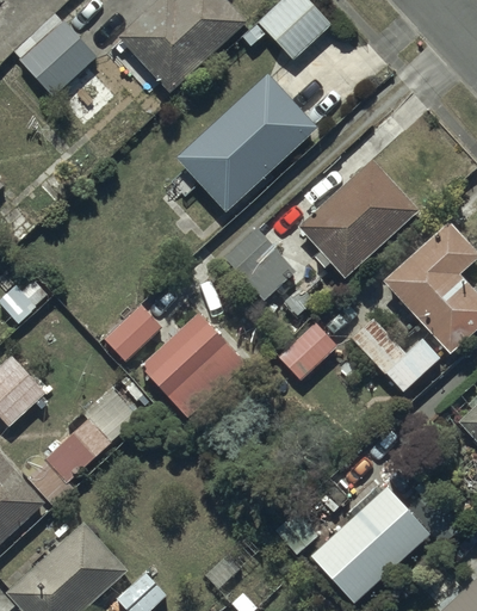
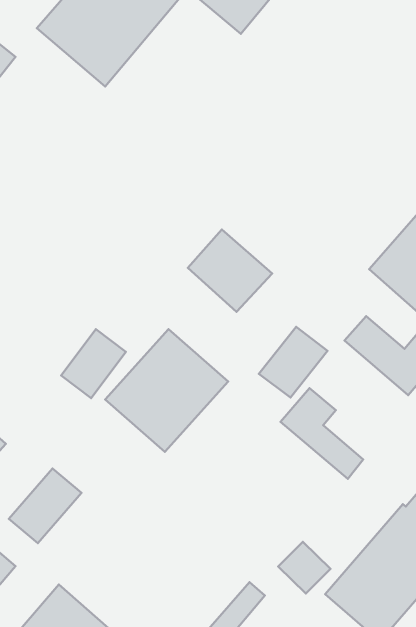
building: [175,73,317,210] -> none
building: [297,160,417,278] -> none
building: none -> [281,388,363,479]

